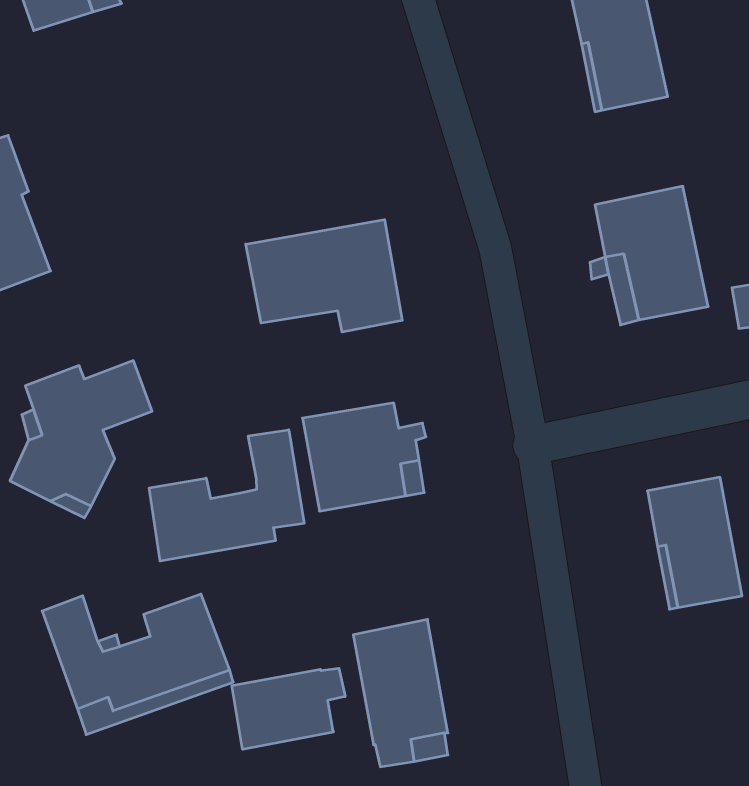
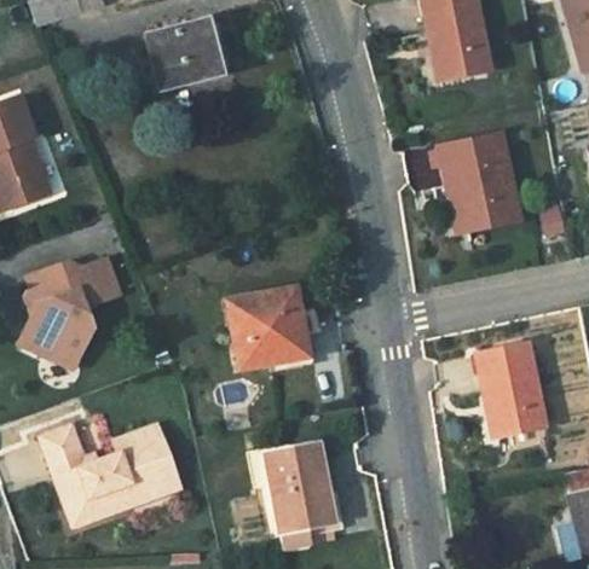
building: none -> [146,19,219,89]
building: [246,220,402,332] -> none
building: [149,430,304,561] -> none
building: [232,668,345,749] -> none

